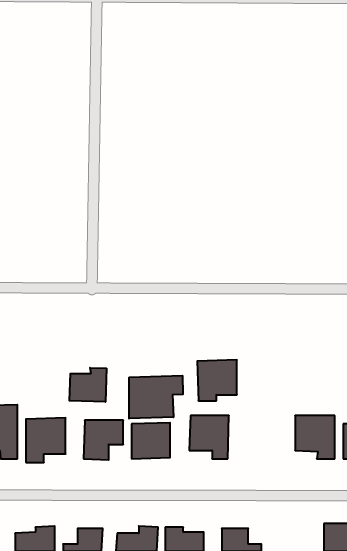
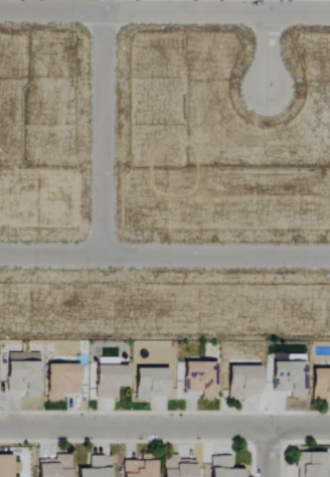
building: [197,360,237,401] -> [231,365,265,400]
building: [69,368,106,402] -> none
building: [129,376,183,419] -> none

